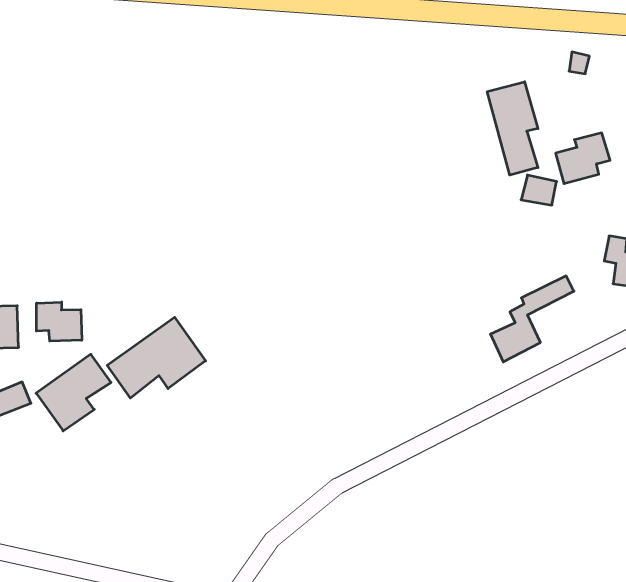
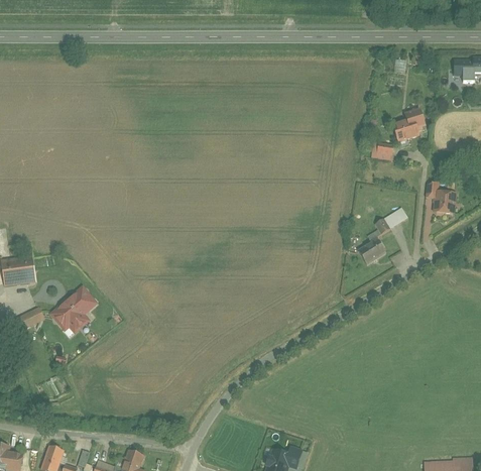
building: [487,82,538,175] -> none
building: [36,302,82,341] -> none
building: [107,317,206,398] -> none

